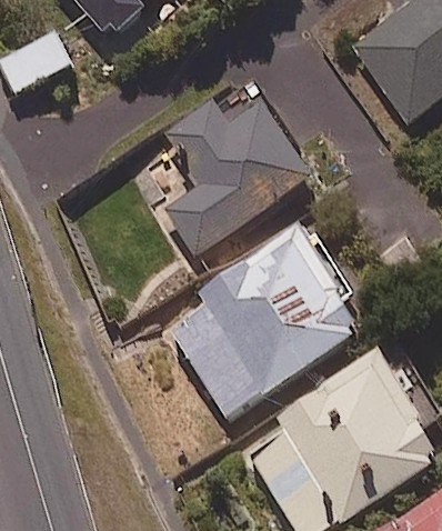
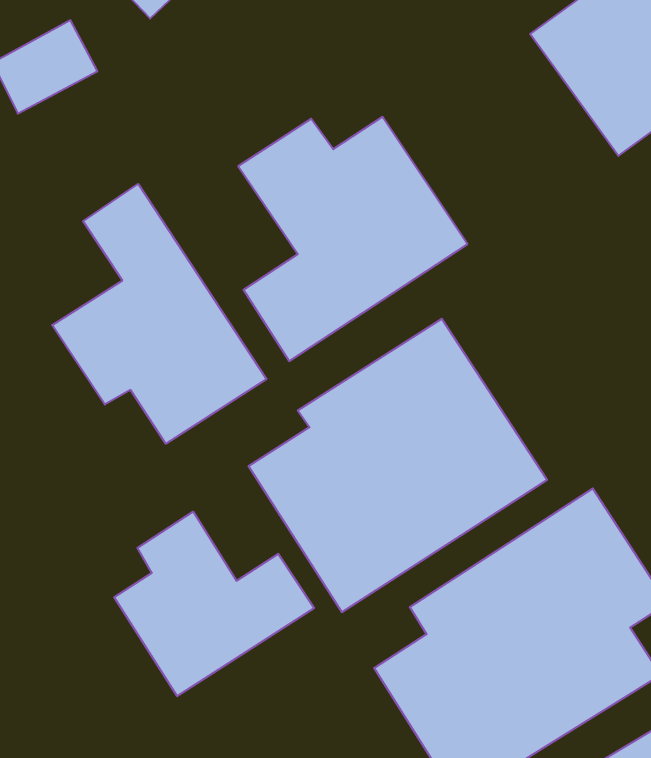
building: none -> [52,184,266,444]
building: none -> [114,512,314,696]

